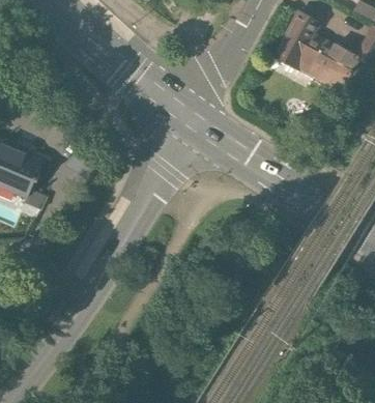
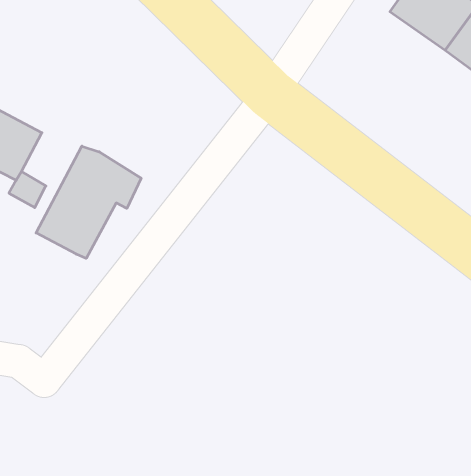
building: none -> [36,146,141,258]

